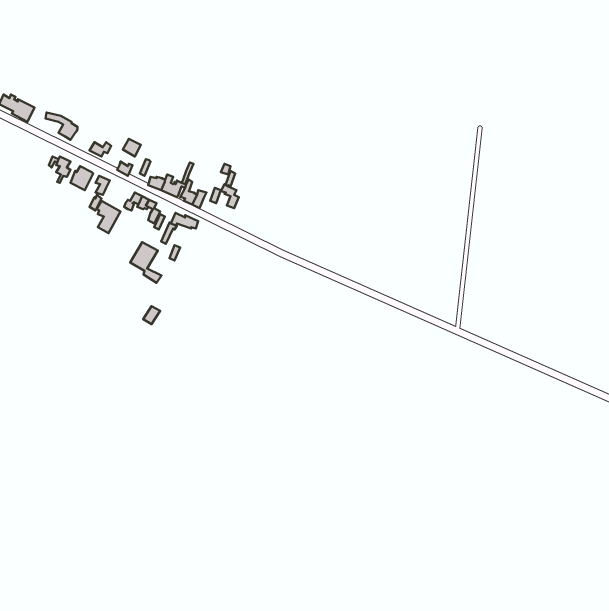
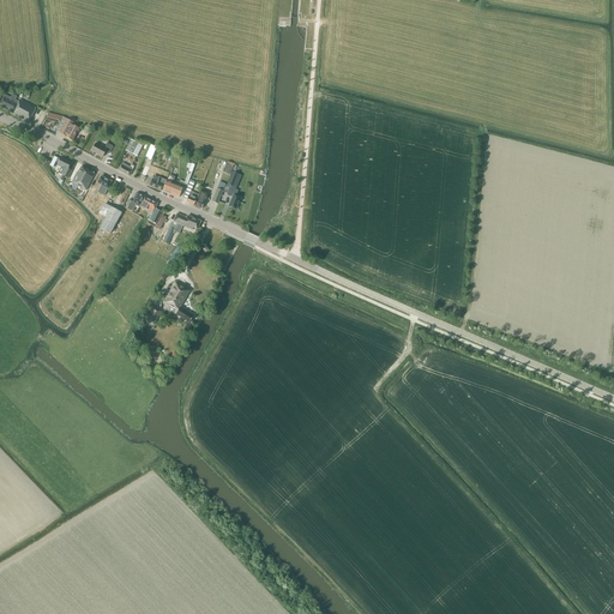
building: [130,242,161,283] -> [162,282,193,323]

